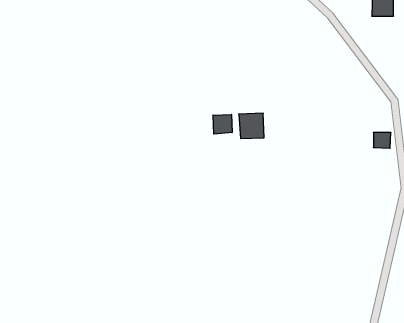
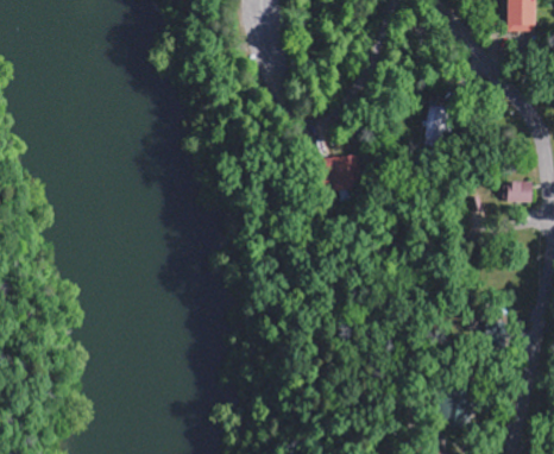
building: none -> [423,106,451,147]
building: [213,114,232,134] -> none

